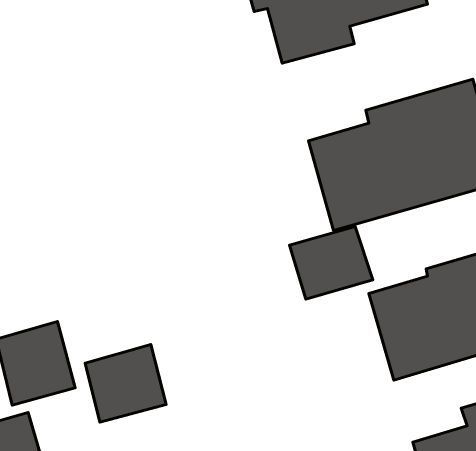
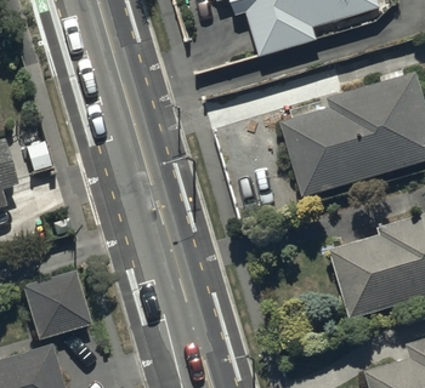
building: [290,226,373,299] -> none
building: [85,344,166,422] -> none

